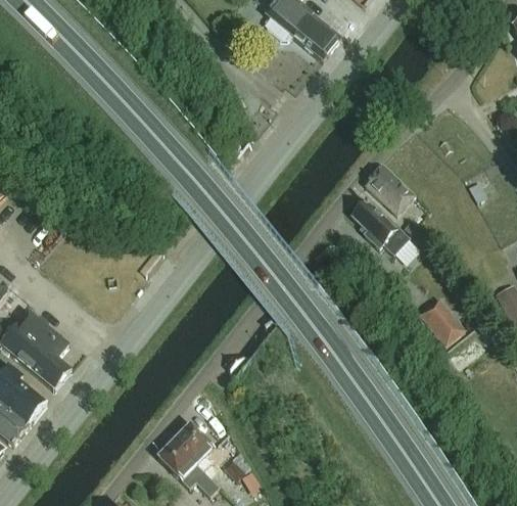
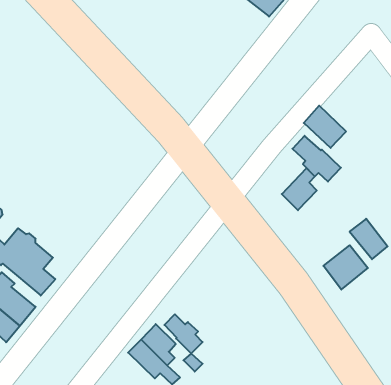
building: none -> [282,168,317,210]
building: none -> [323,245,368,290]
building: none -> [164,314,203,353]

